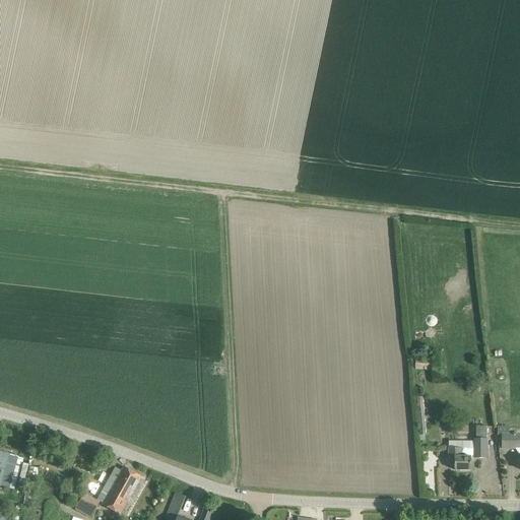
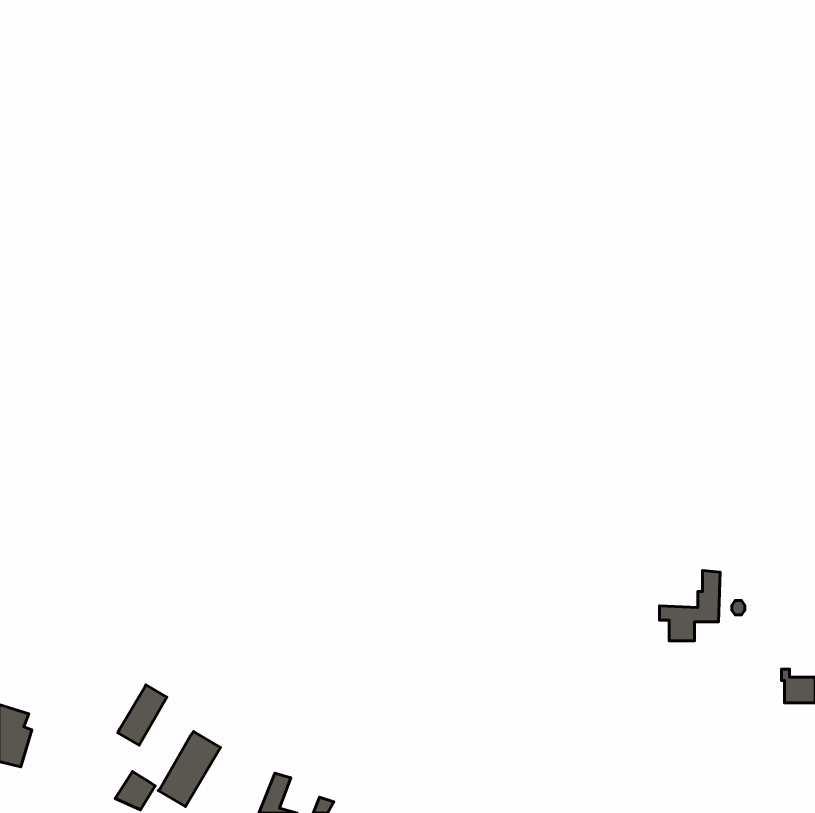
building: [448,424,486,468] -> [659,571,720,641]
building: none -> [118,685,167,745]

